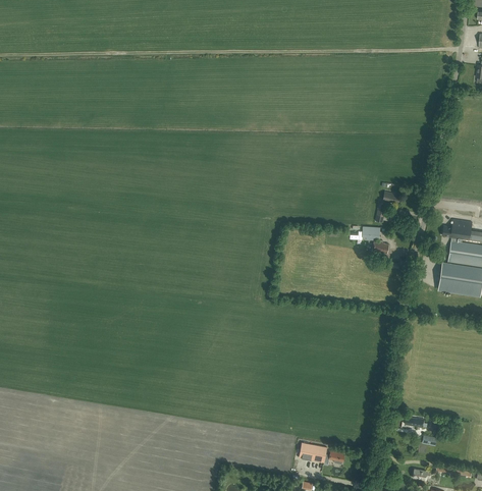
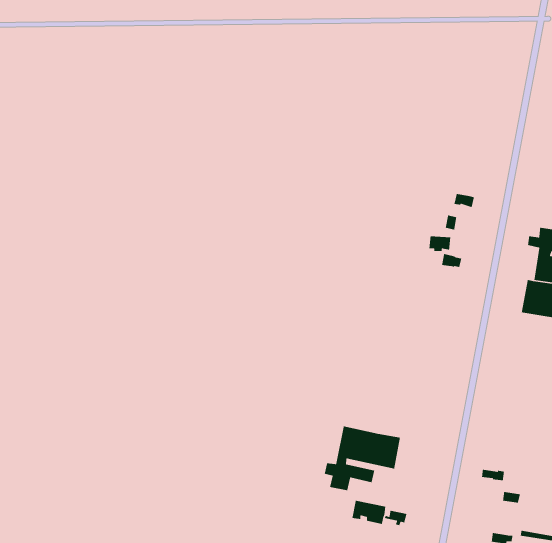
building: none -> [324,426,401,491]

